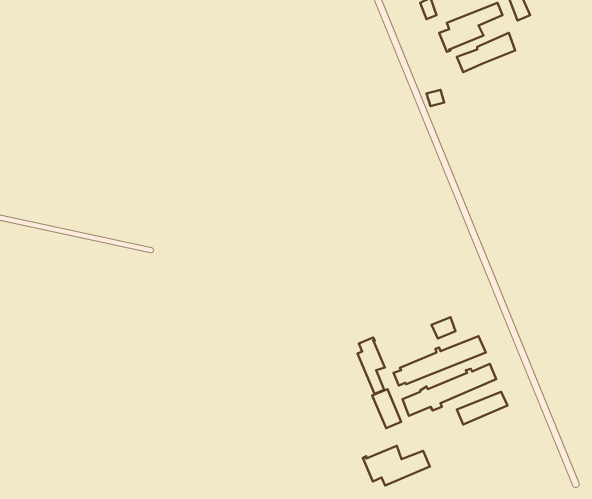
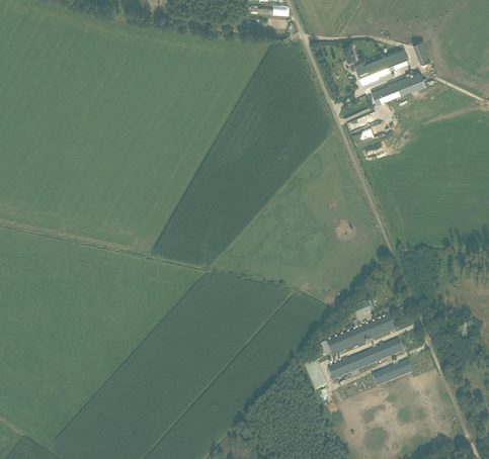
building: [357,337,385,394] -> none
building: [363,446,430,485] -> none

